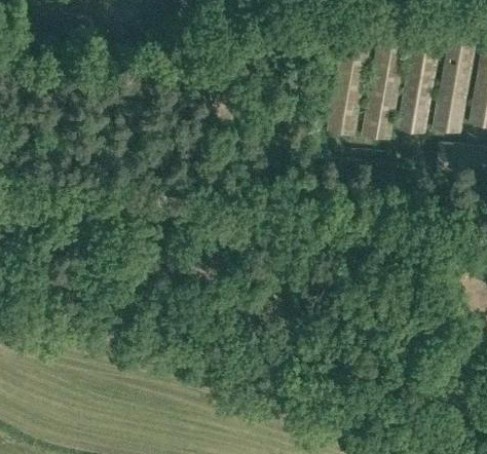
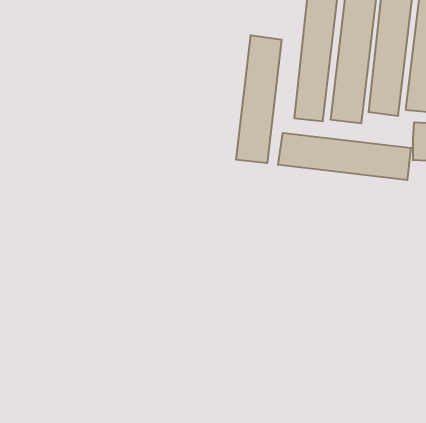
building: none -> [236,35,282,163]
building: none -> [278,133,411,180]

